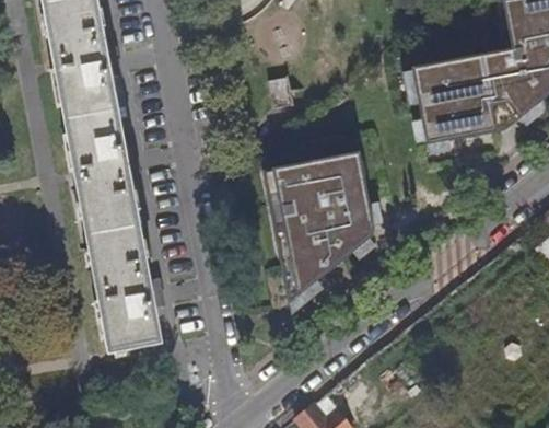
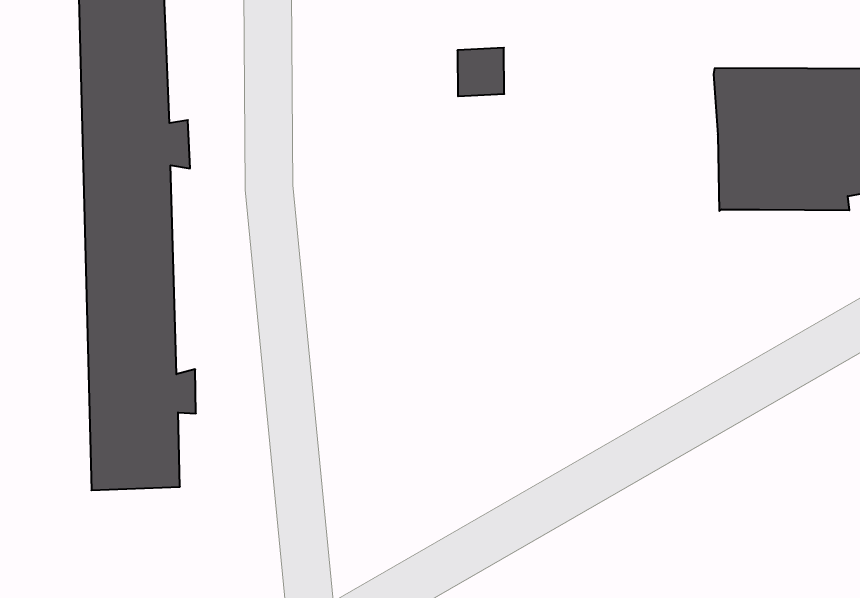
building: [264,153,375,302] -> none

